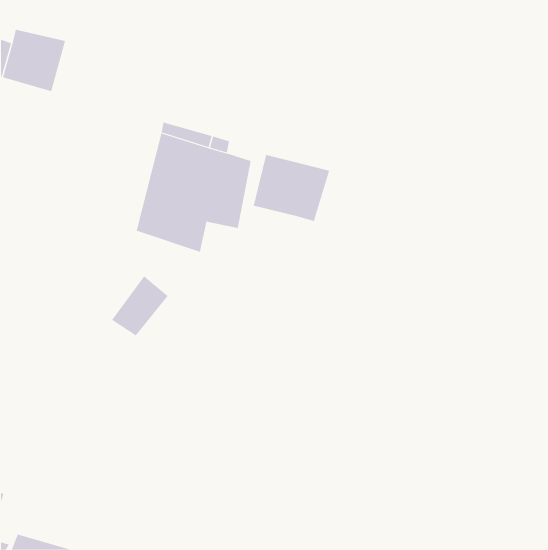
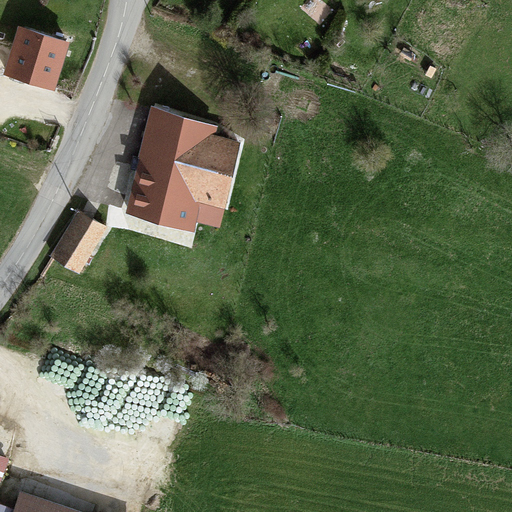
building: [253,154,330,222] -> none
building: [111,276,169,336] -> [56,215,109,271]

